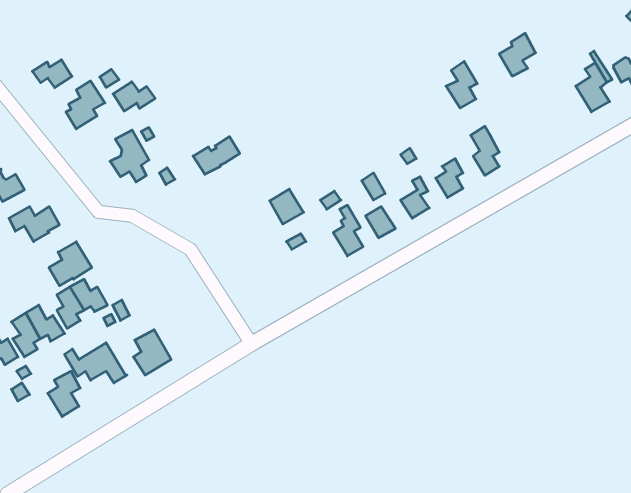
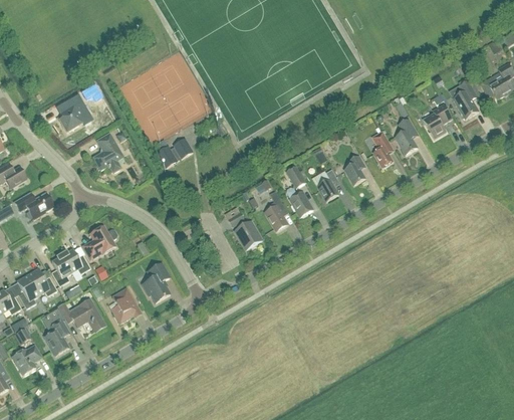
building: [499,33,536,76] -> [423,103,451,137]
building: [32,60,72,88] -> none
building: [446,61,477,108] -> [394,118,418,154]
building: [113,82,155,111] -> none
building: [270,189,304,224] -> [235,221,261,248]
building: [49,242,92,286] -> [81,225,114,259]
building: none -> [141,262,169,302]
building: none -> [11,345,40,374]

